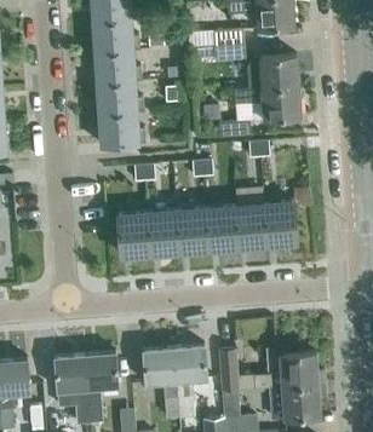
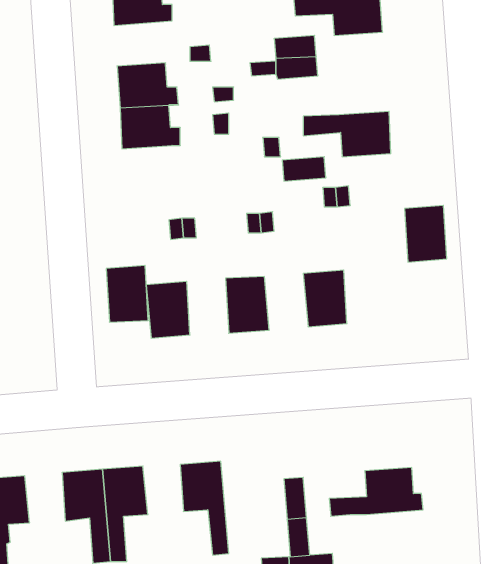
building: [93,18,139,52] -> none
building: [259,56,299,88] -> none
building: [99,111,145,145] -> none
building: [265,202,297,244] -> [405,205,447,262]
building: [206,207,239,249] -> none
building: [148,211,179,253] -> [106,265,148,322]
building: [173,345,207,419] -> none
building: [270,384,326,419] -> none

